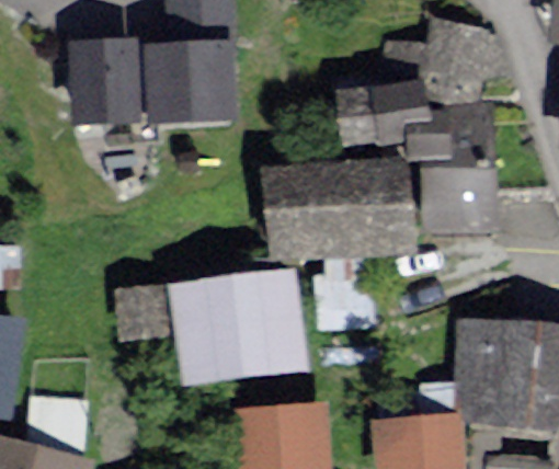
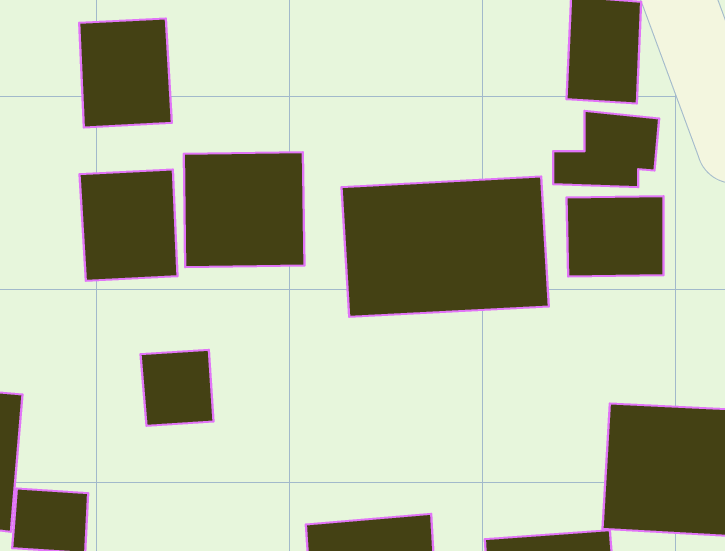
building: [148,43,237,127] -> [184,152,304,267]
building: [343,82,425,150] -> none
building: none -> [79,169,177,281]
building: [173,270,305,385] -> none

